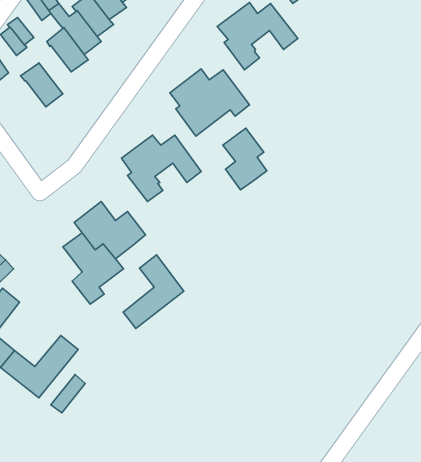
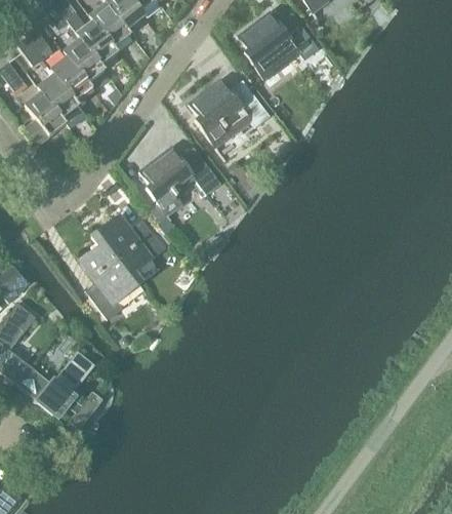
building: none -> [50,55,92,100]
building: none -> [25,91,67,144]
building: [223,128,267,190] -> none
building: [123,255,184,328] -> none

